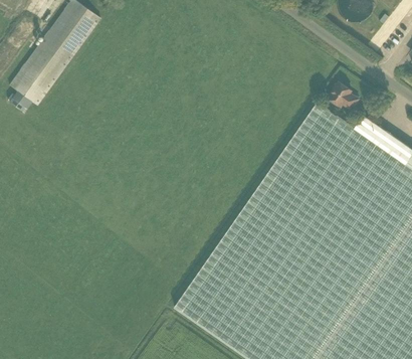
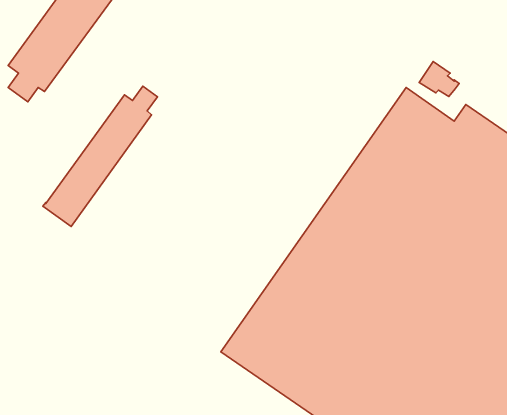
building: none -> [43,86,158,227]

